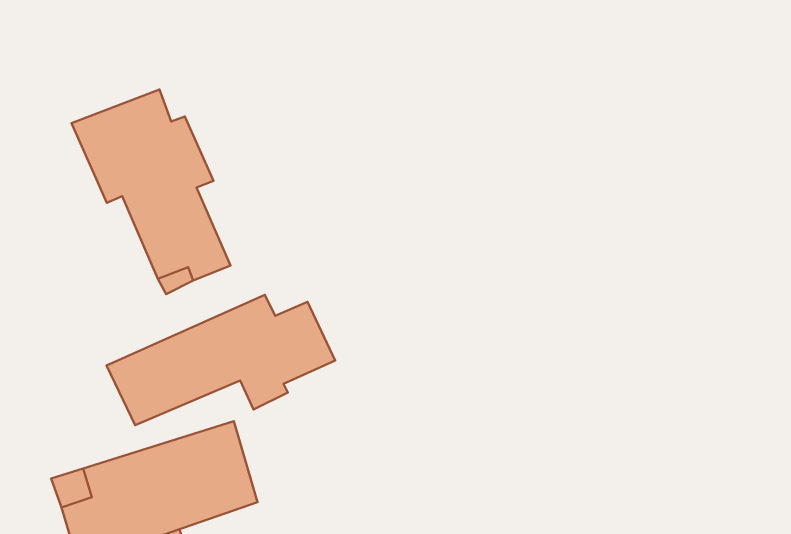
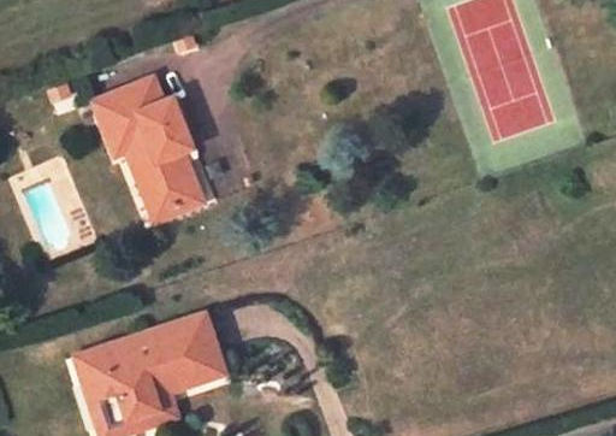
building: [107,295,335,425] -> none

